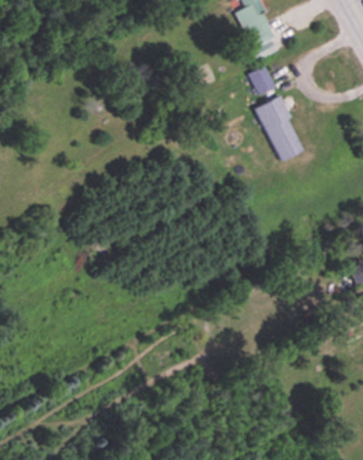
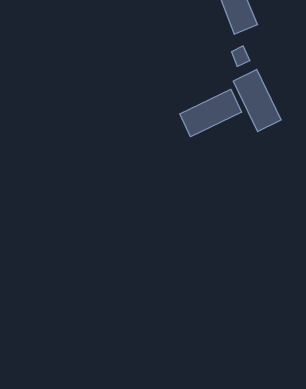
building: none -> [180,89,242,137]

